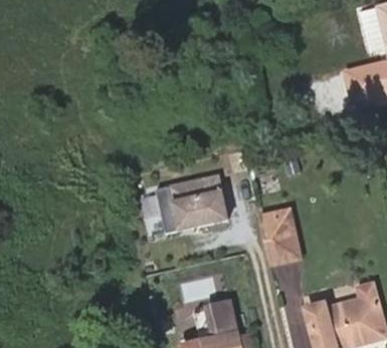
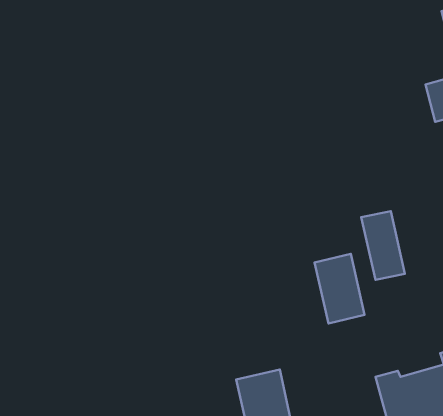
building: none -> [361,211,405,280]
building: [153,176,226,234] -> none

